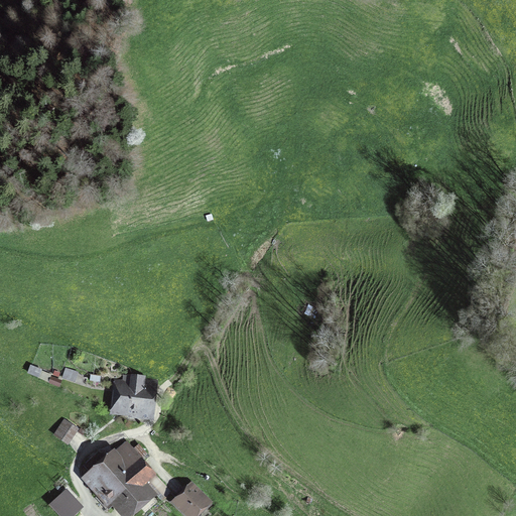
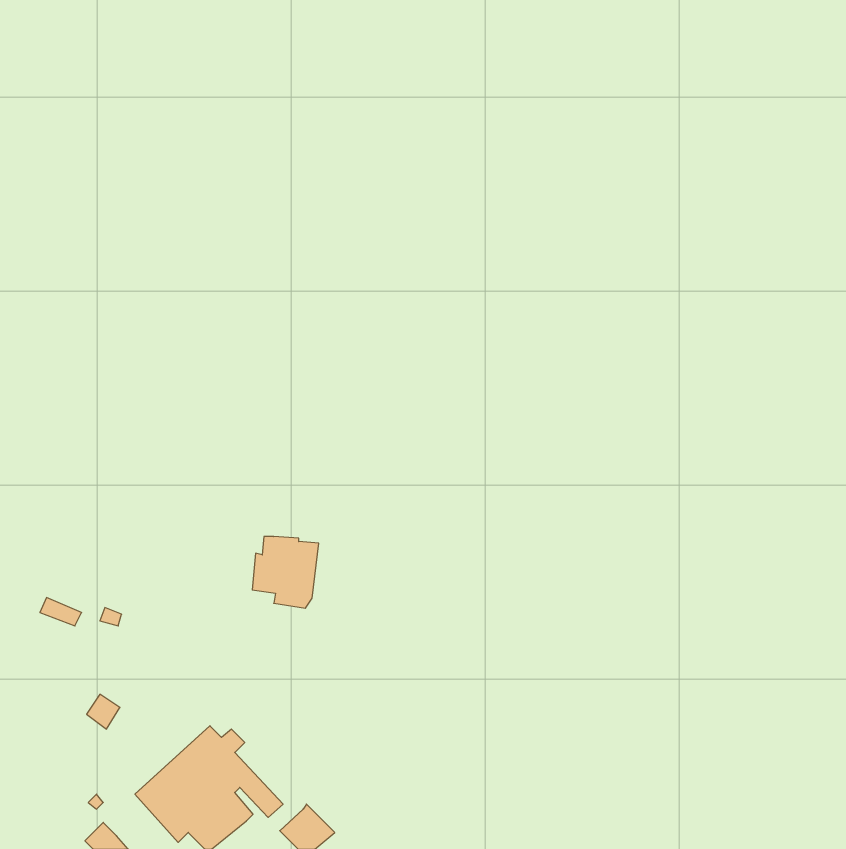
building: [114,375,154,418] -> [252,537,319,608]

